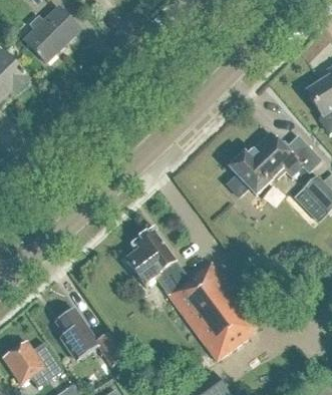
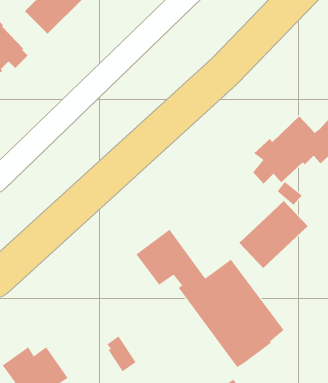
building: none -> [239,200,308,269]
building: [56,310,96,357] -> none

